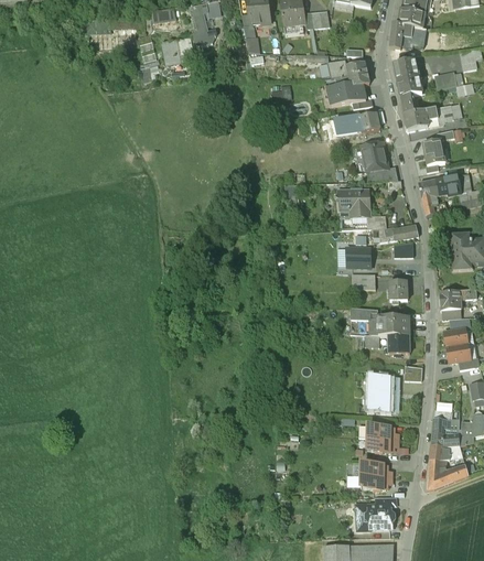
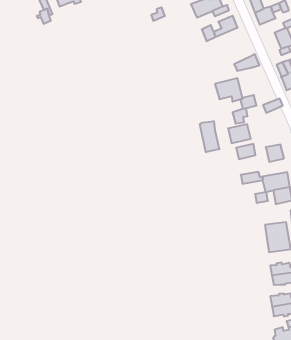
building: [362,141,388,172] -> none
building: none -> [200,121,219,152]

